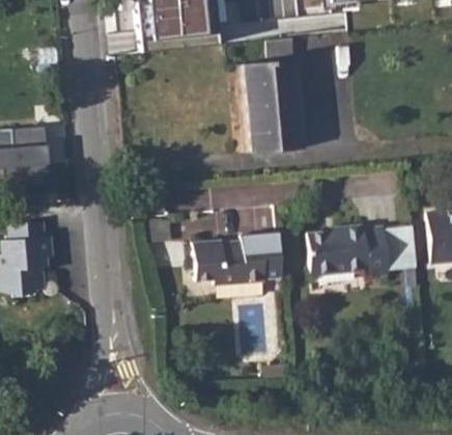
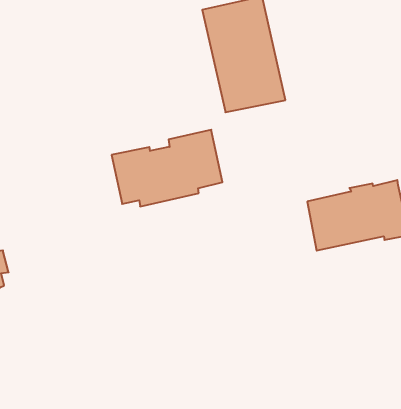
building: [194,229,282,284] -> [112,130,222,206]

